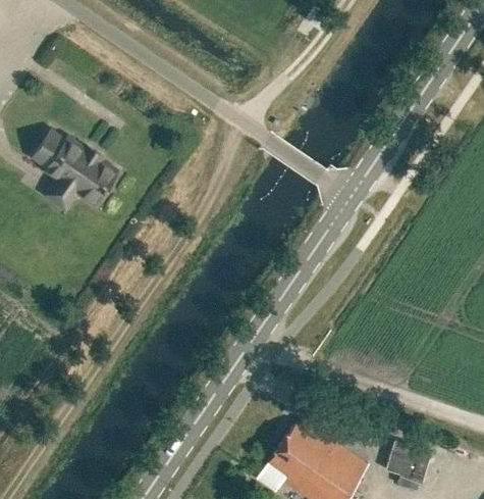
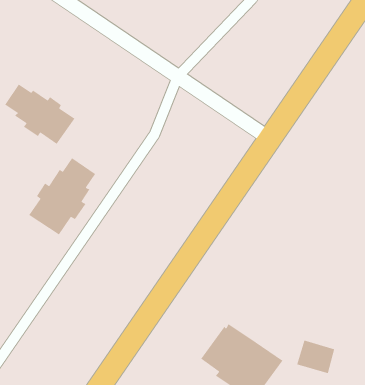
building: none -> [28,157,96,235]

